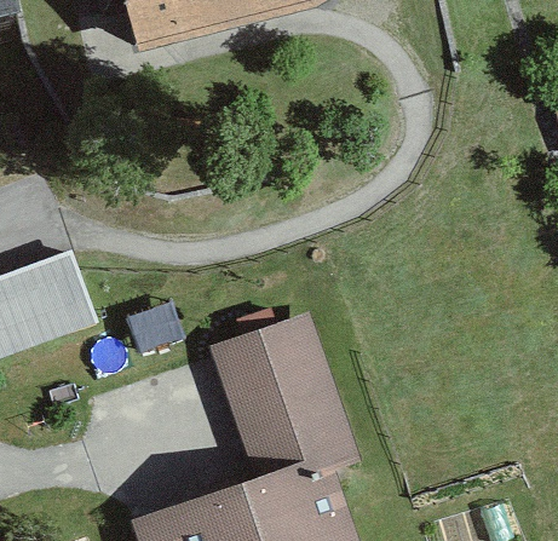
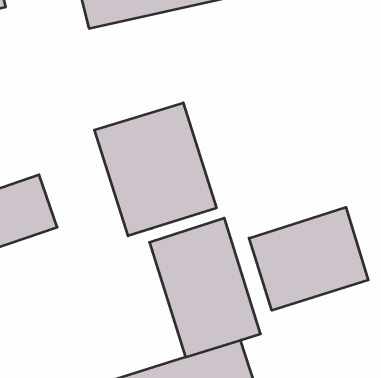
building: none -> [94,103,216,236]
building: none -> [249,207,368,310]

